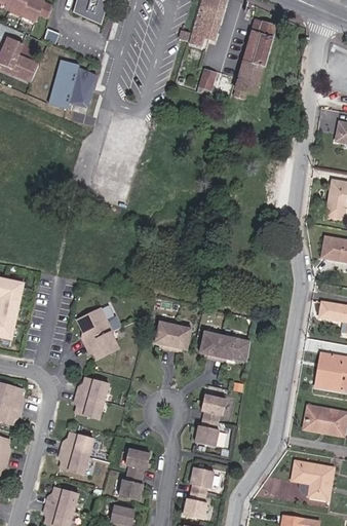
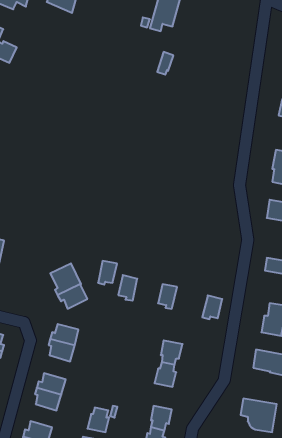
building: [231,18,274,106] -> none
building: [49,60,95,107] -> none
building: [169,325,191,351] -> [98,261,117,285]
building: [214,334,236,361] -> [202,295,222,319]
building: [125,446,149,474] -> none

